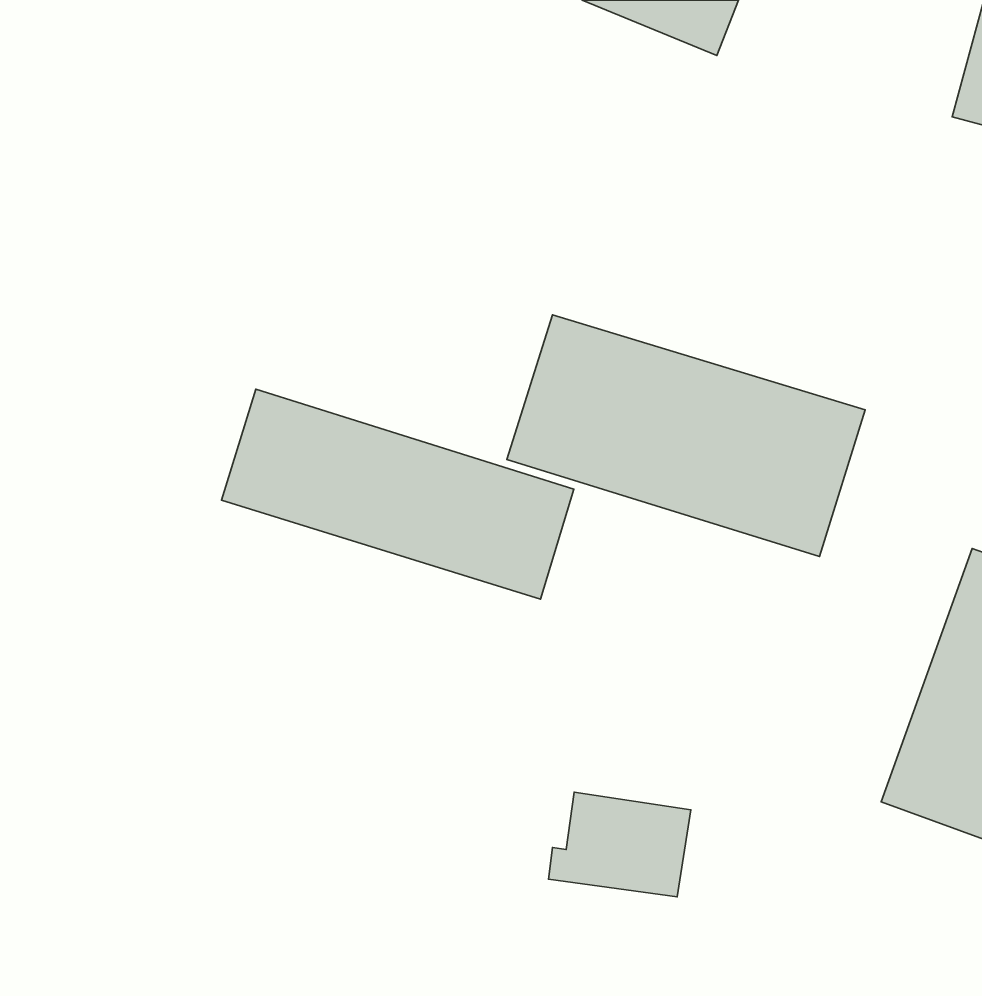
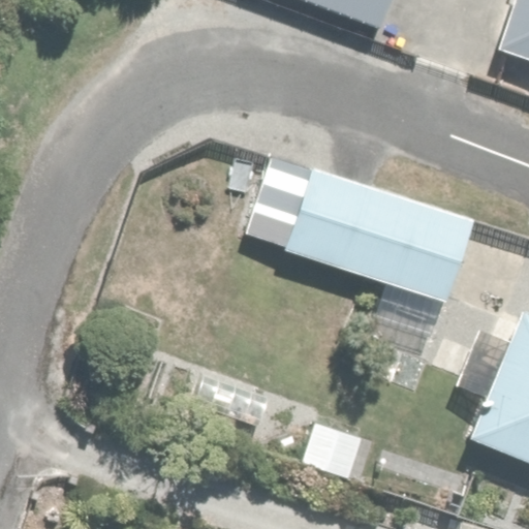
building: [222,389,574,599] -> none

